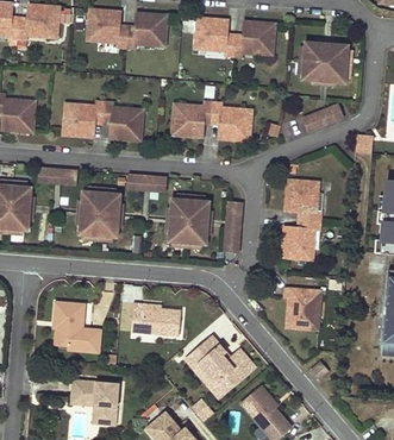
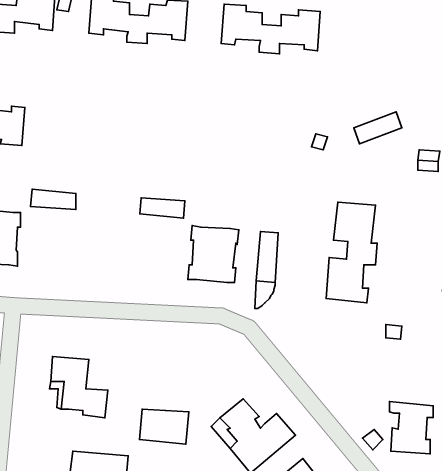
building: [300,40,346,82] -> none
building: [61,100,142,139] -> none
building: [169,101,250,140] -> none
building: [79,190,119,235] -> none
building: [283,287,319,329] -> [389,402,433,454]
building: [140,308,181,337] -> [139,409,189,444]

